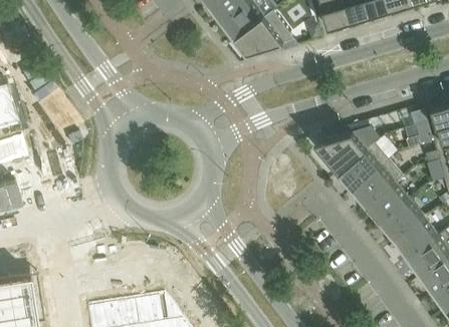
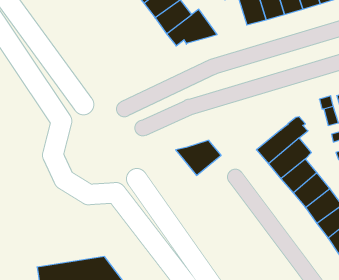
building: [314,133,367,174] -> [176,140,221,175]

